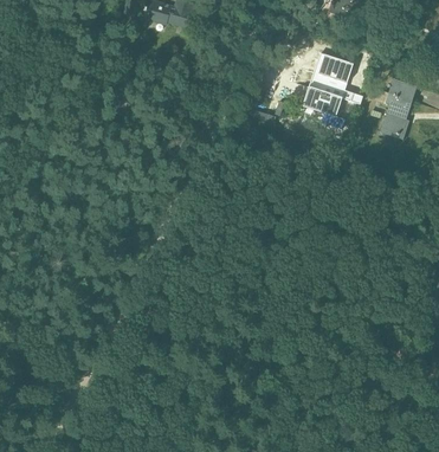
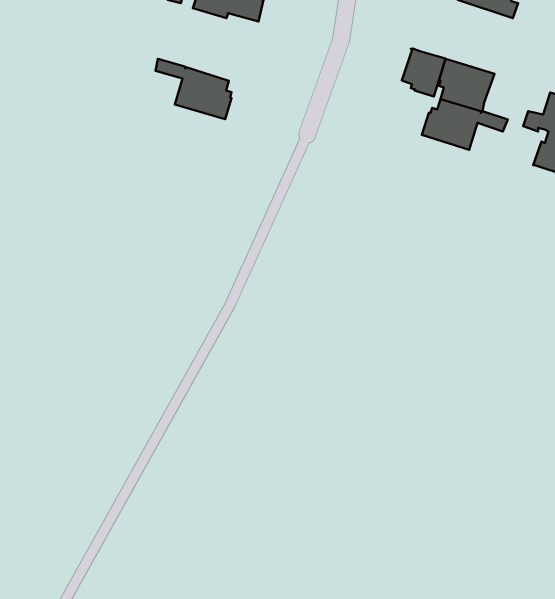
building: none -> [402,48,446,96]
building: none -> [155,59,232,119]

